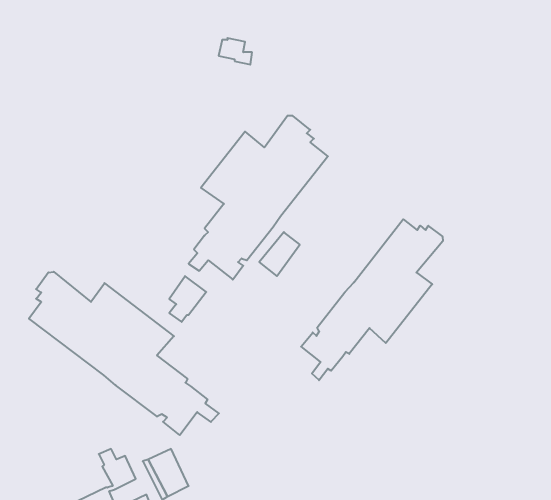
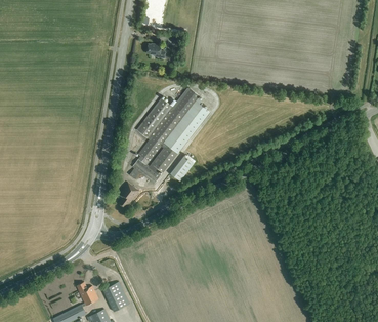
building: [301,219,443,380] -> none
building: [29,272,219,435] -> none

